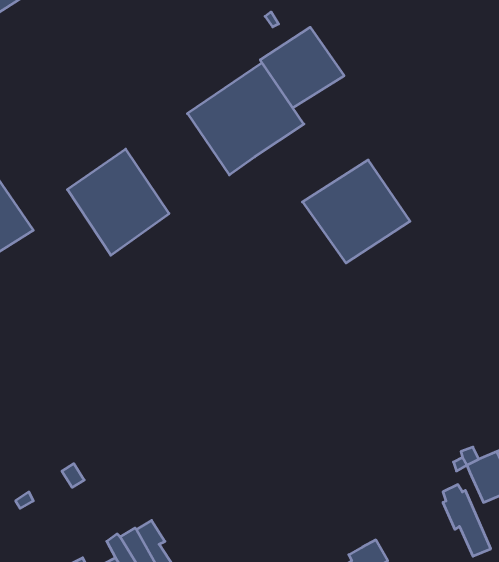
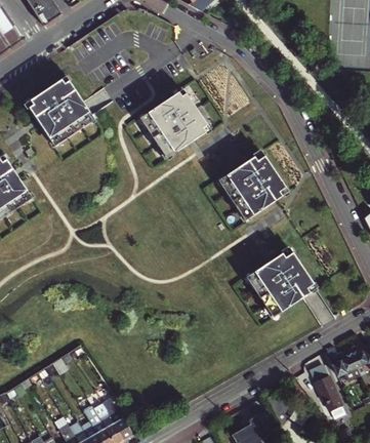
building: [260,27,344,108] -> none
building: [67,149,169,255] -> [26,74,95,147]
building: none -> [248,251,313,315]

